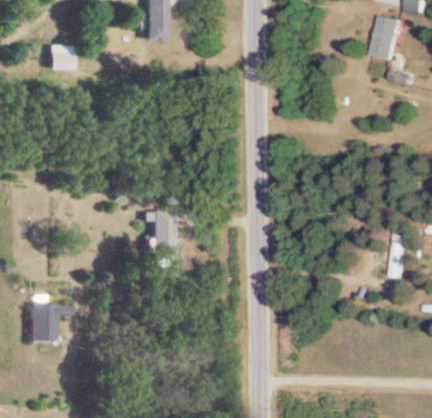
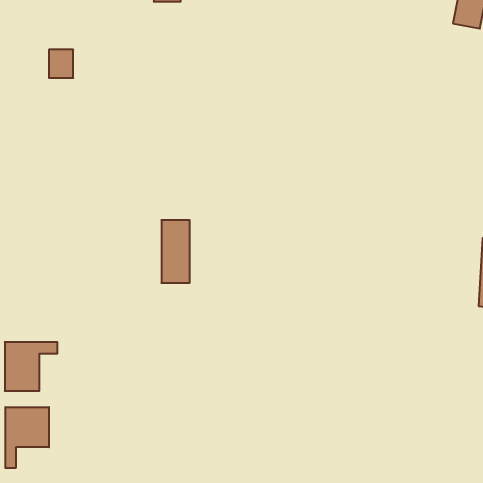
building: [50,45,69,67] -> [49,50,73,78]
building: none -> [5,407,49,468]

